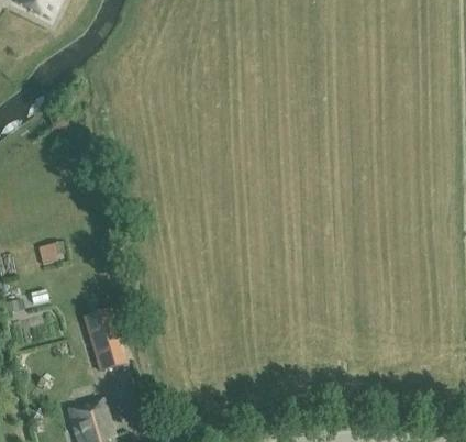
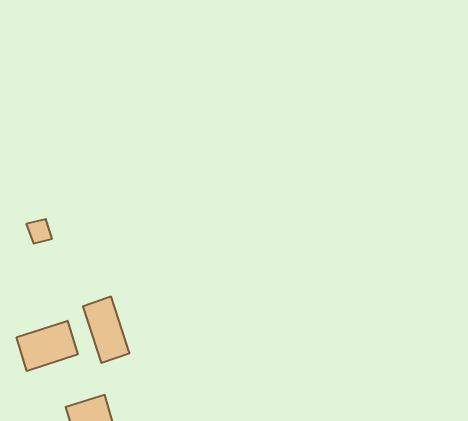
building: none -> [17,321,78,371]

